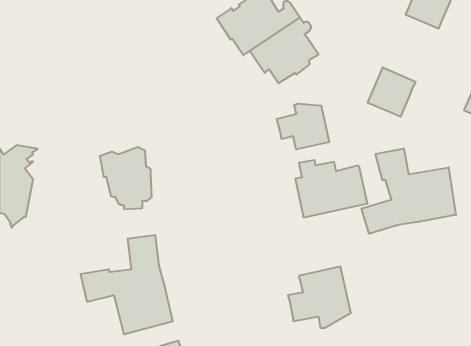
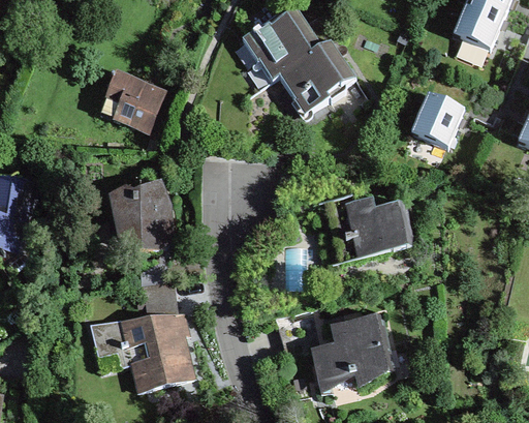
building: none -> [101,70,164,131]
building: [277,104,329,149] -> none
building: [362,148,456,234] -> none

